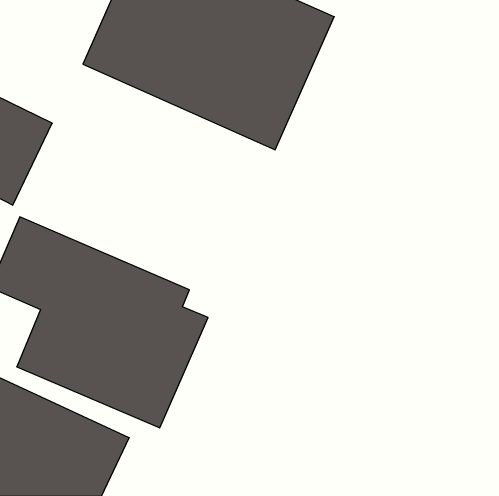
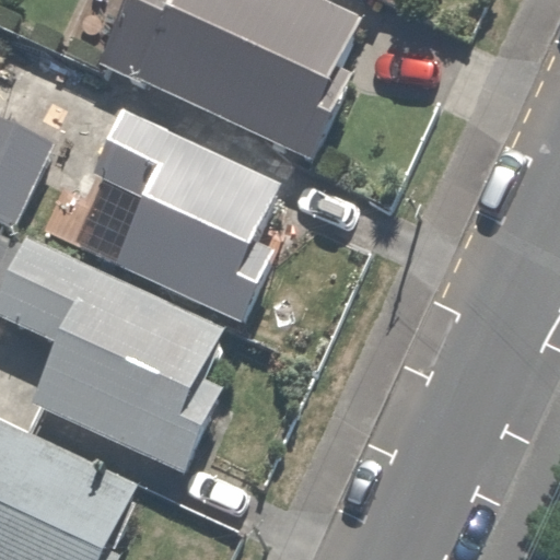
building: none -> [86,106,279,314]

